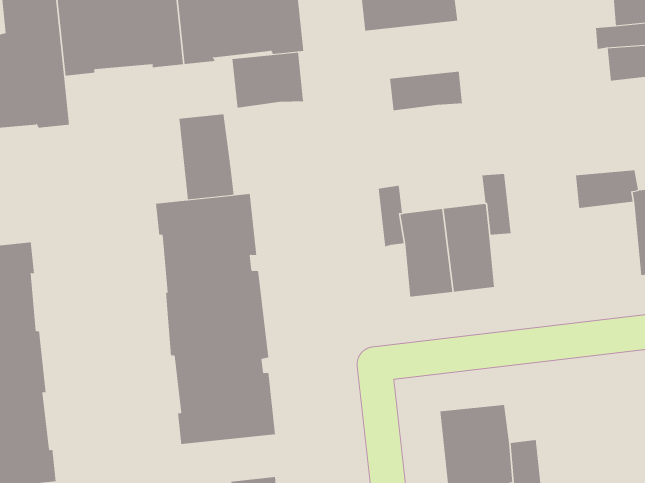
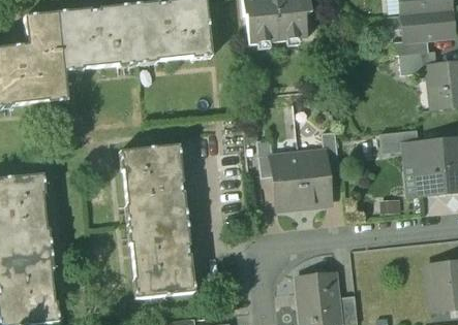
building: [232,52,304,109] -> none
building: [389,71,463,111] -> none
building: [179,113,234,200] -> none

